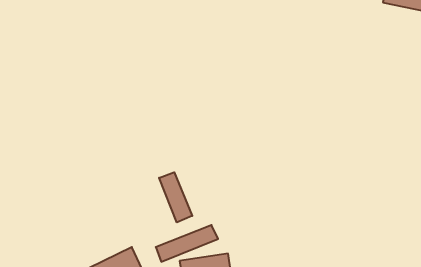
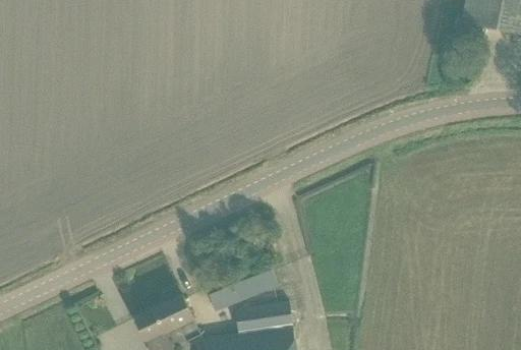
building: [159,172,192,222] -> none

